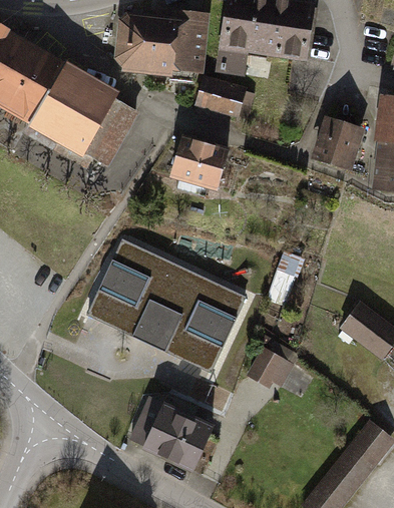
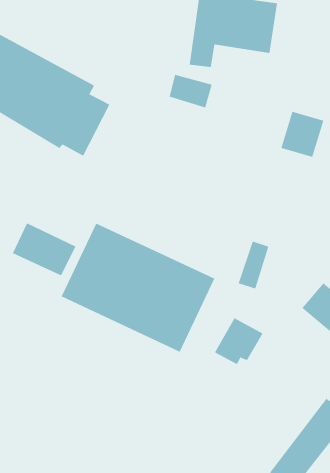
building: [113,9,211,78] -> none
building: [161,130,226,187] -> none
building: none -> [12,223,76,276]
building: [134,401,212,472] -> none

